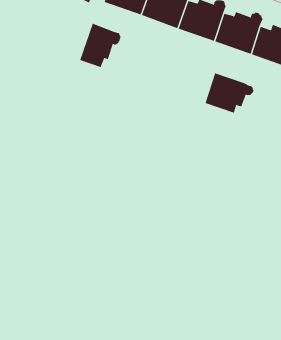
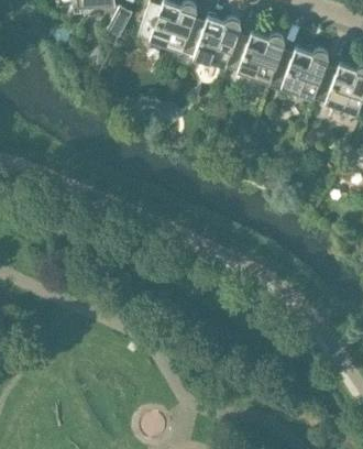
building: [79,23,121,68] -> none
building: [205,72,255,114] -> none

